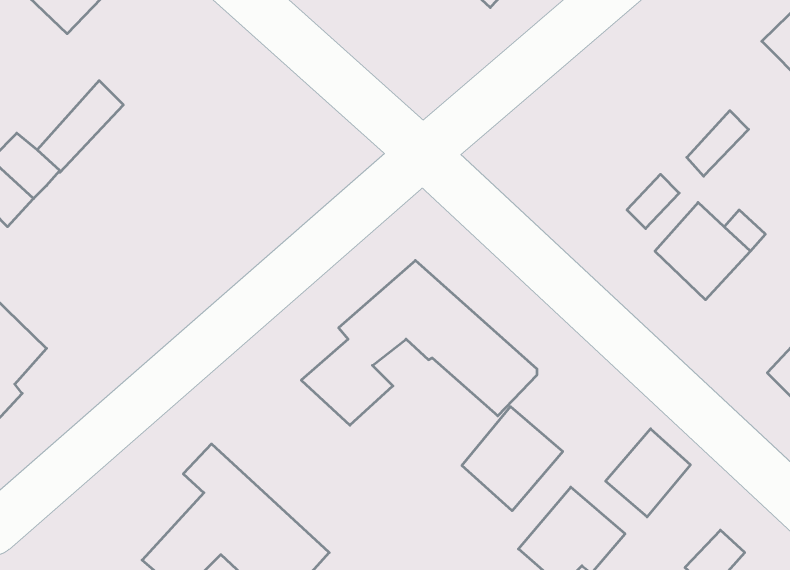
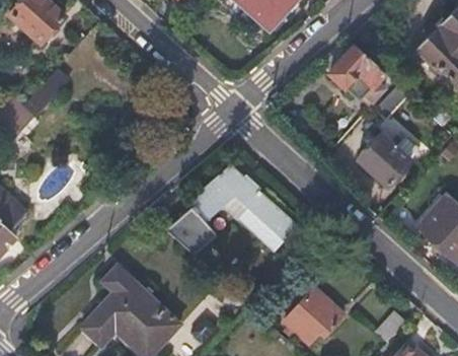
building: none -> [320,38,387,102]
building: [462,407,563,511] -> none
building: [606,429,690,517] -> none

